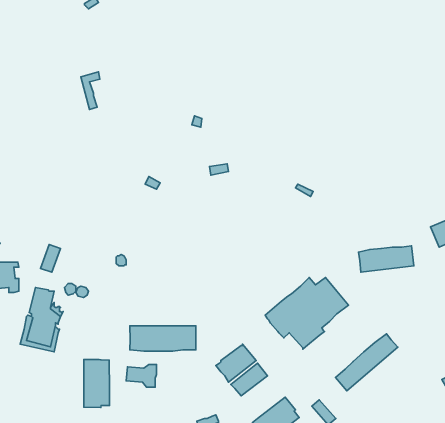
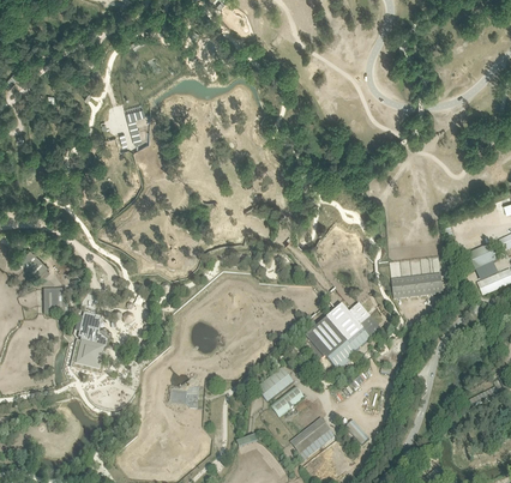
building: [130,326,196,351] -> none
building: [335,334,398,391] -> none
building: [84,360,110,407] -> none

